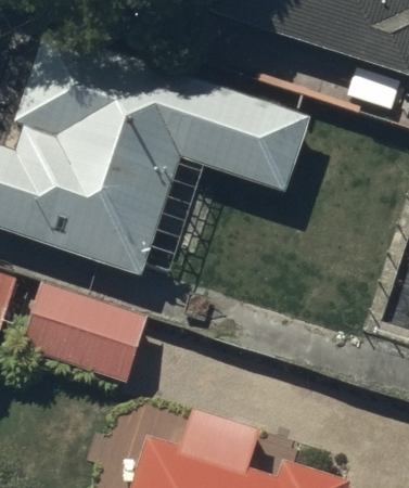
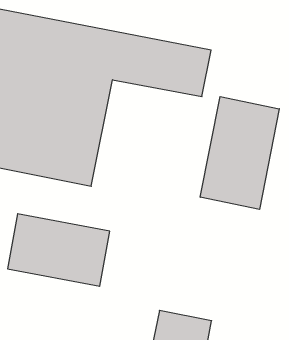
building: none -> [200,97,279,209]

